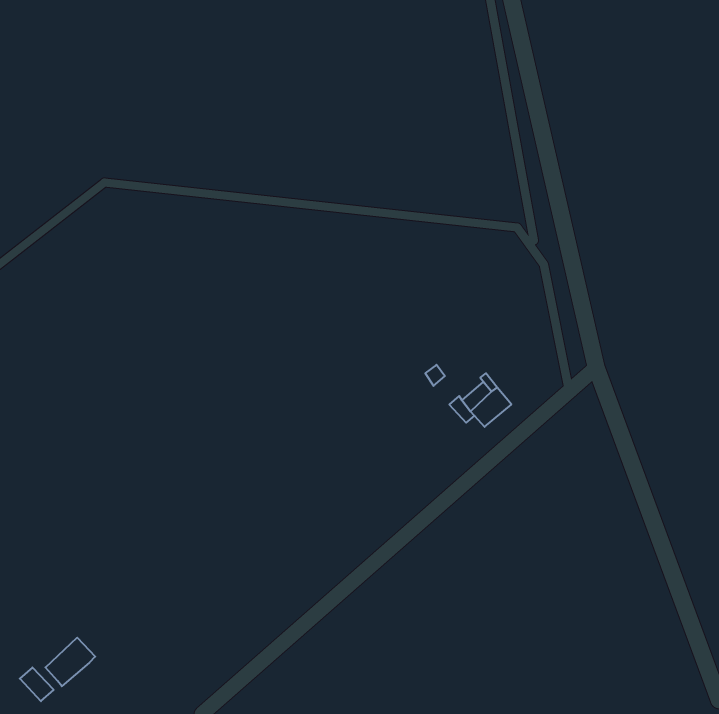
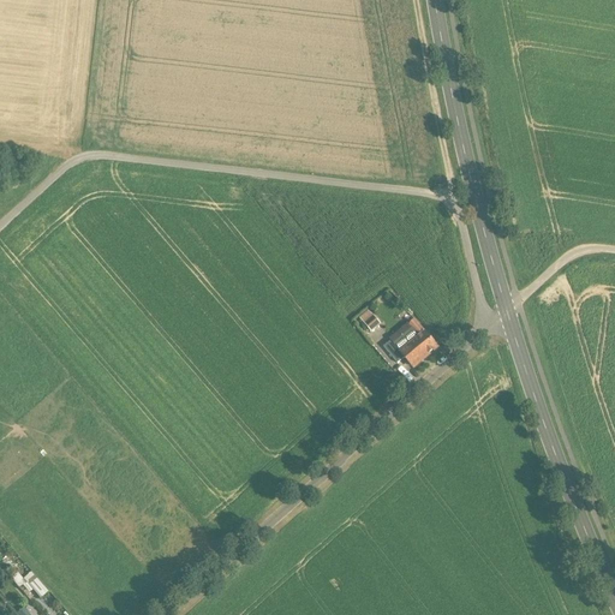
building: [45,638,95,686] -> none

